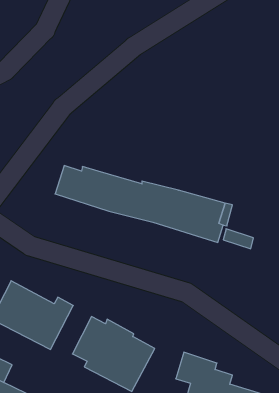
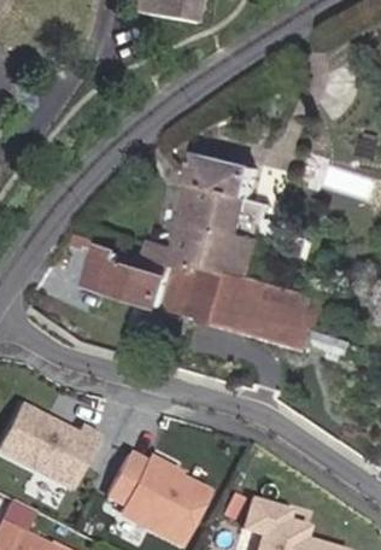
building: none -> [141,156,256,280]

